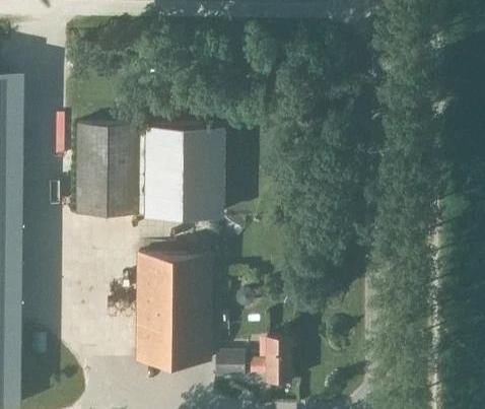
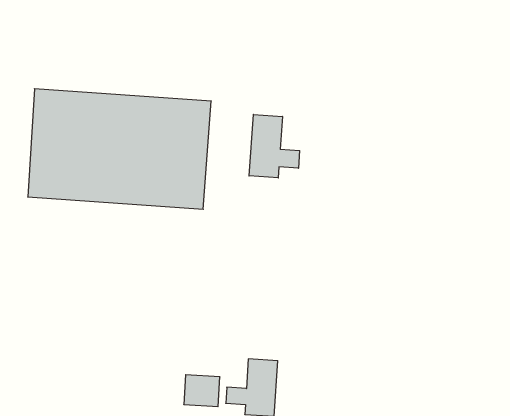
building: none -> [249,114,300,178]
building: [136,257,210,364] -> none

